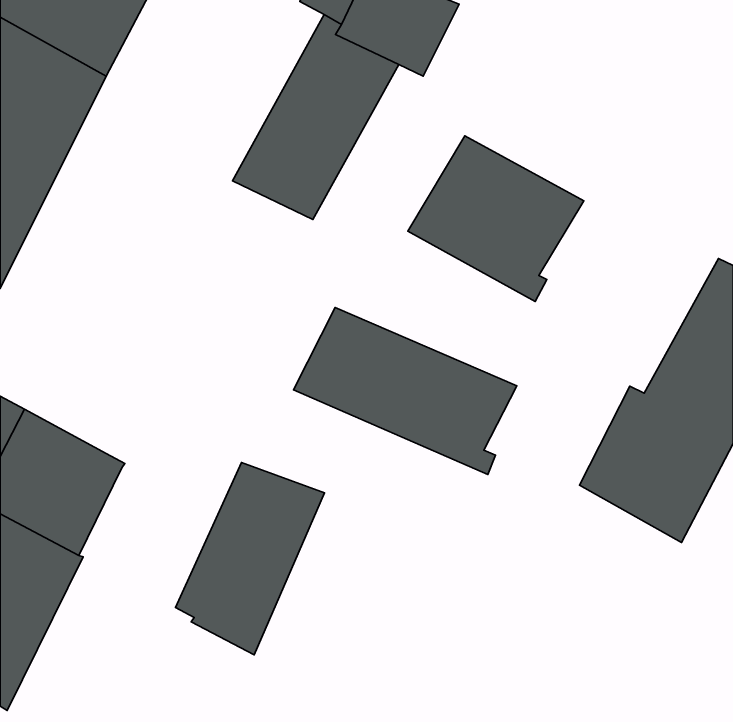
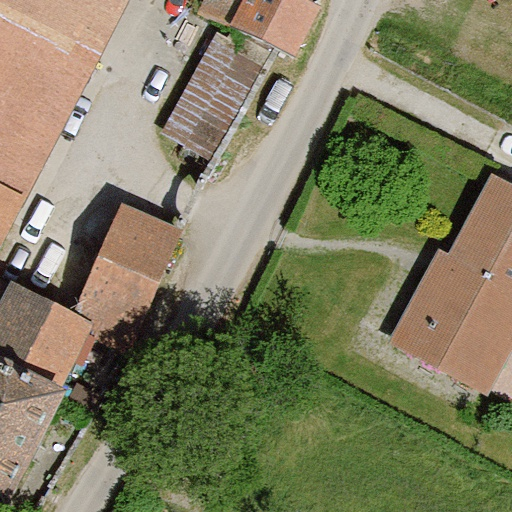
building: [408,136,584,302] -> none
building: [293,308,517,474] -> none
building: [175,463,325,655] -> [74,215,178,349]

